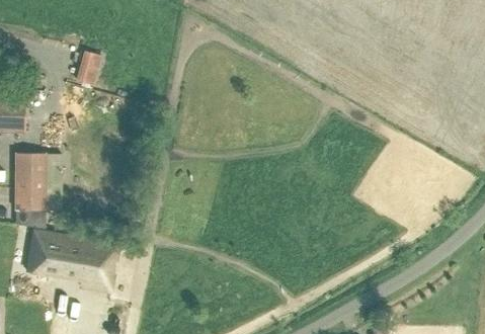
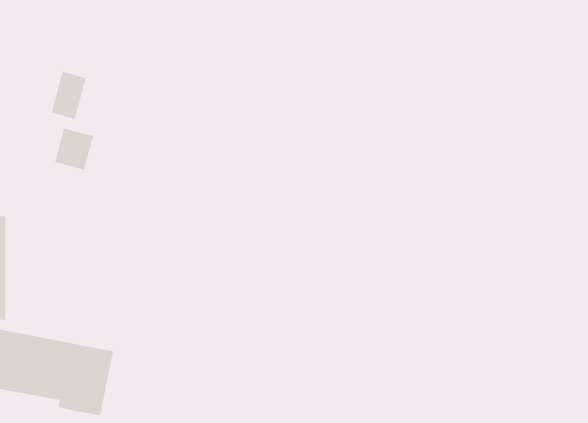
building: none -> [54,128,94,170]

